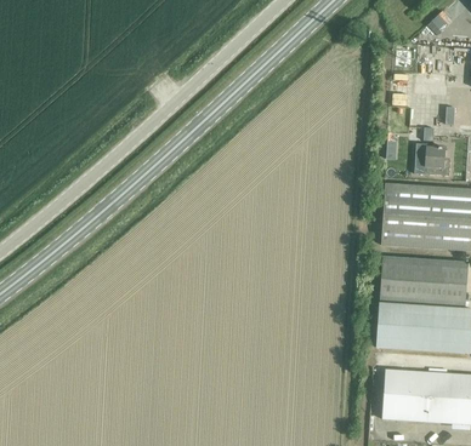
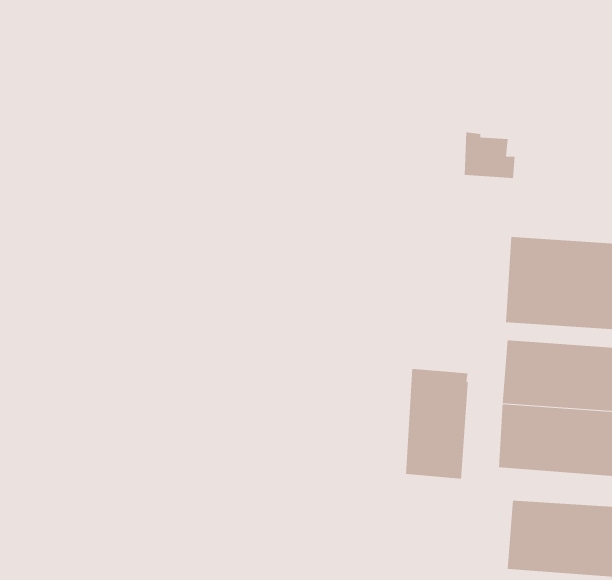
building: [414,142,450,175] -> [464,132,516,178]
building: none -> [405,368,468,479]

